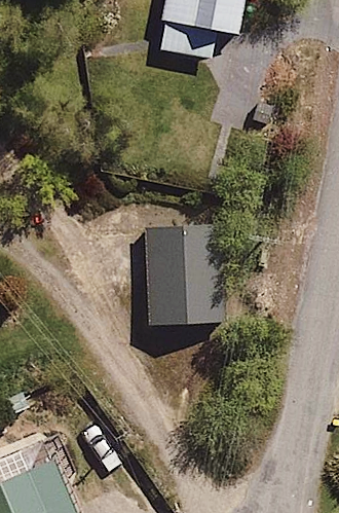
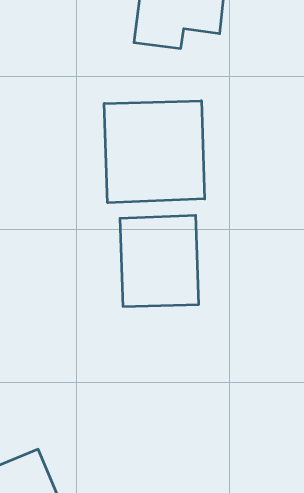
building: none -> [104,101,205,203]

